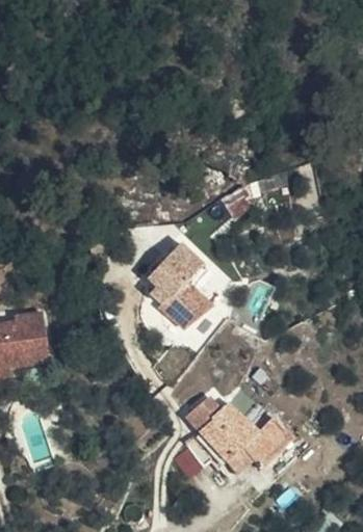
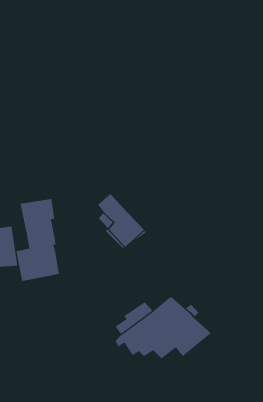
building: [167,250,209,290] -> none
building: none -> [16,198,59,282]

